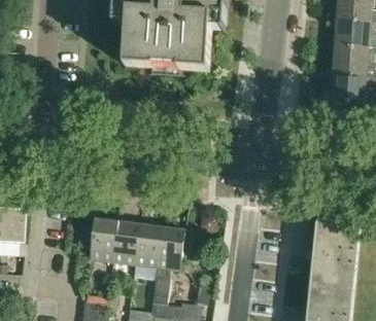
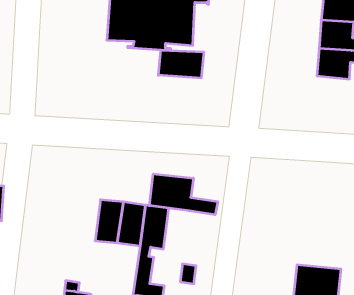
building: none -> [158,50,204,78]
building: none -> [149,174,218,215]
building: [91,218,118,261] -> none
building: [311,218,361,289] -> none

